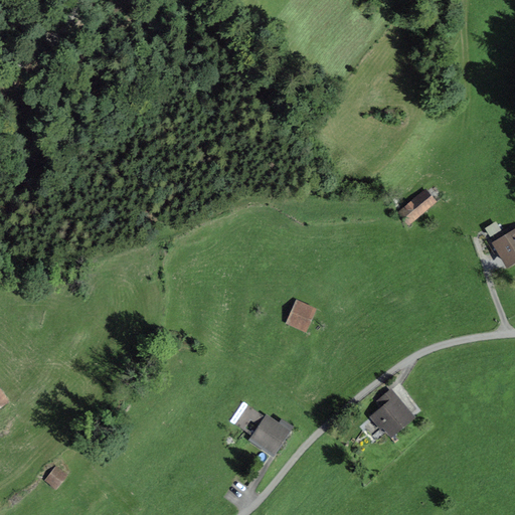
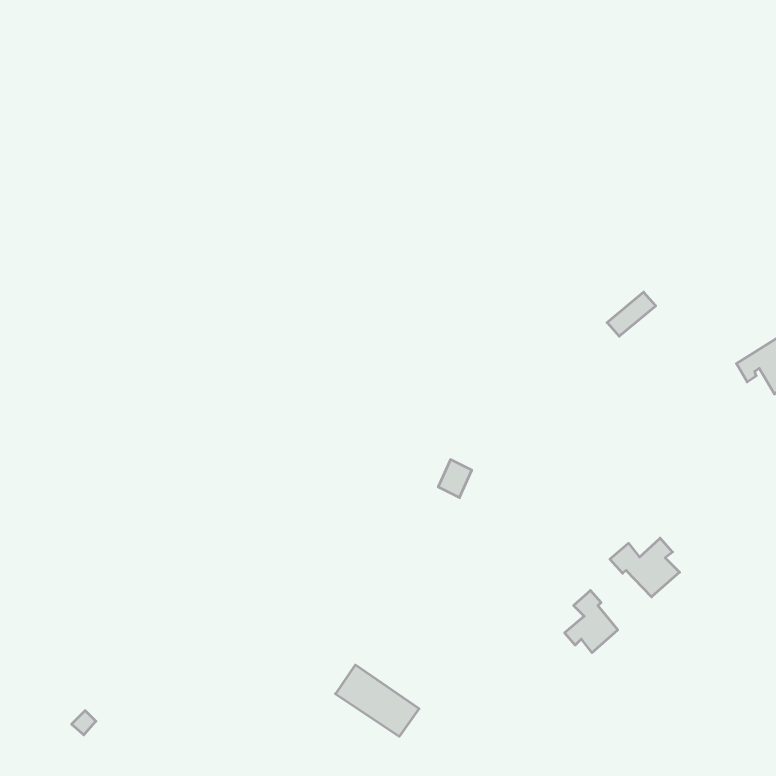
building: none -> [610,538,680,597]
building: [231,403,287,451] -> [335,665,419,736]

